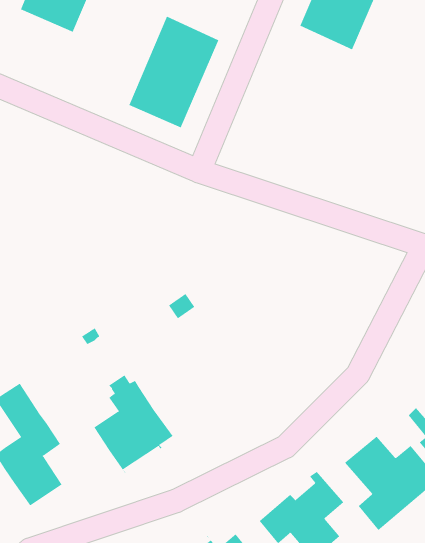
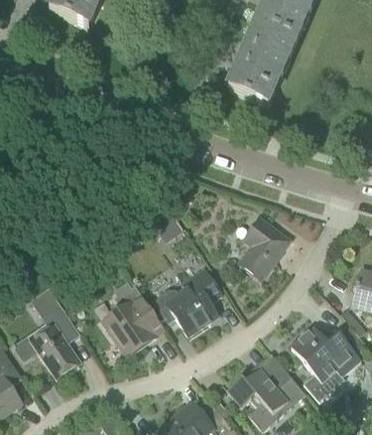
building: [128,16,219,128] -> [228,23,295,107]
building: none -> [237,219,289,281]
building: none -> [156,268,221,335]

